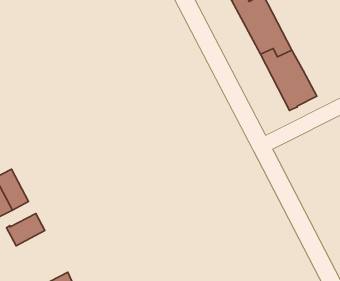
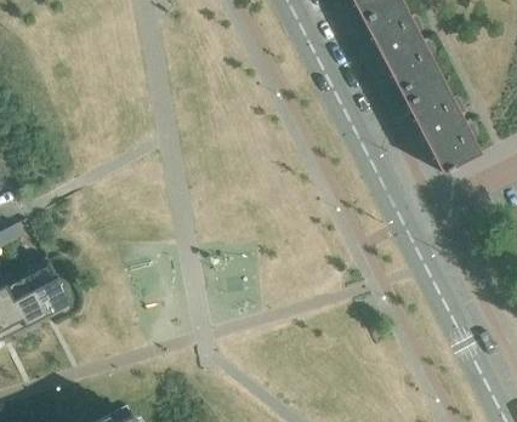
building: [6,213,45,246] -> none

